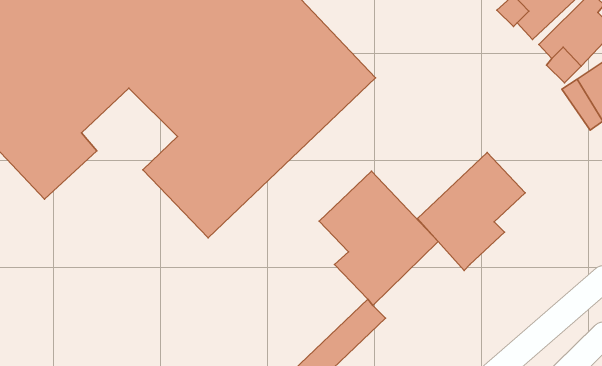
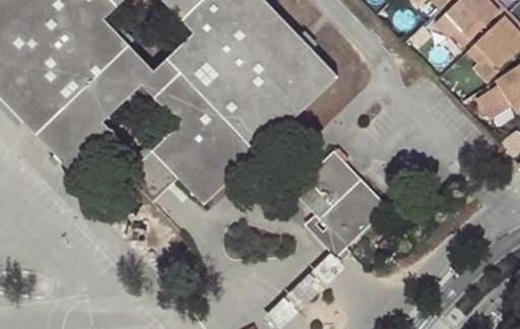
building: [417,152,525,271] -> none

